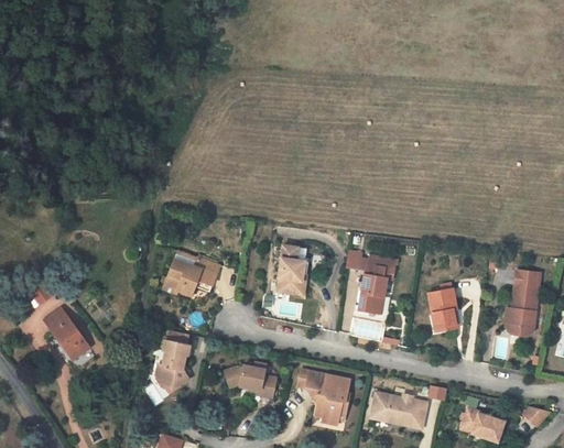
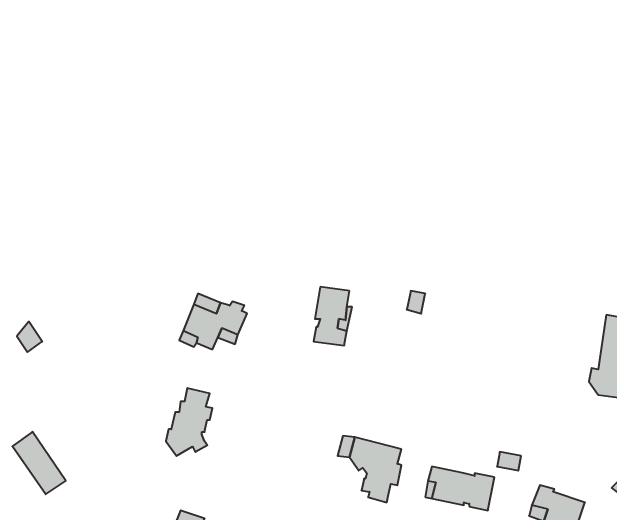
building: [362,254,403,314] -> none
building: [431,287,459,331] -> none
building: [42,305,86,357] -> [12,432,66,494]
building: [225,361,274,396] -> none

